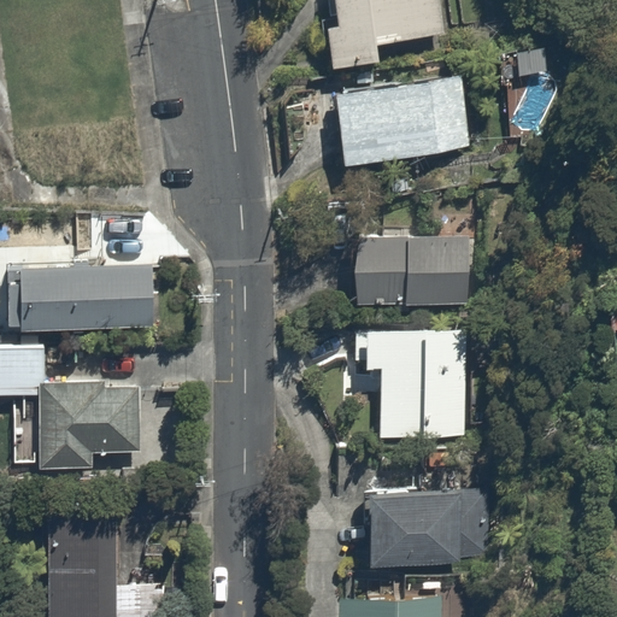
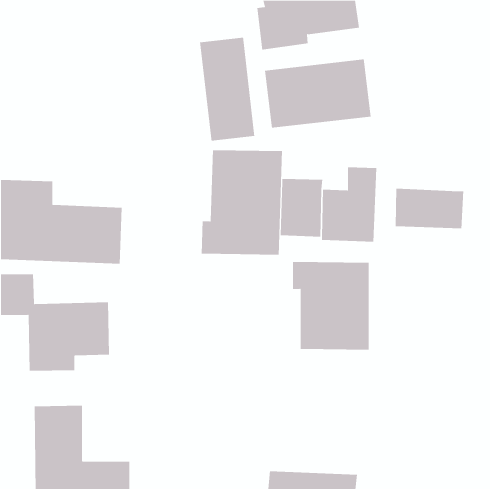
building: none -> [200,37,255,142]
building: none -> [201,149,283,255]
building: none -> [395,188,464,229]
building: [369,494,465,565] -> none

